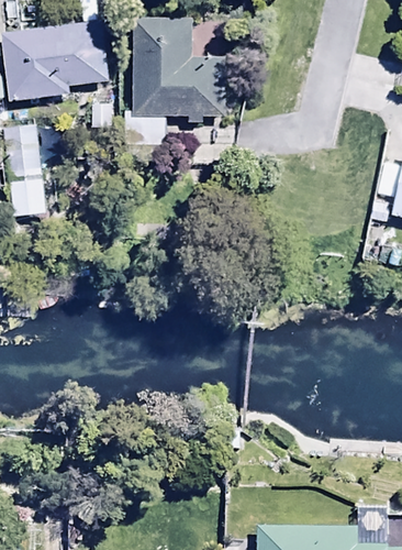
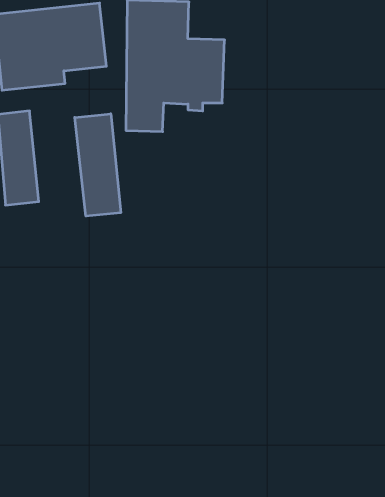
building: none -> [75,114,121,216]

